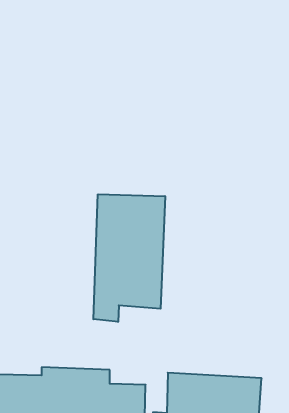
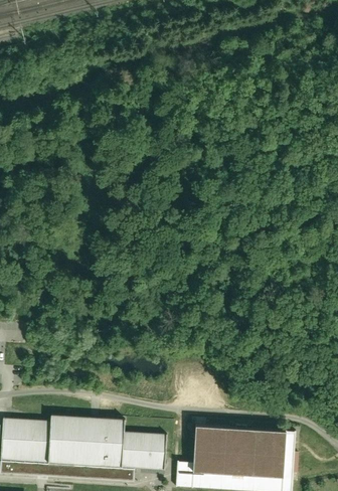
building: [93,194,165,322] -> none

